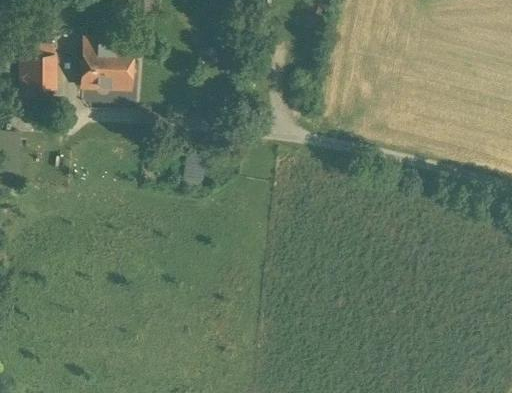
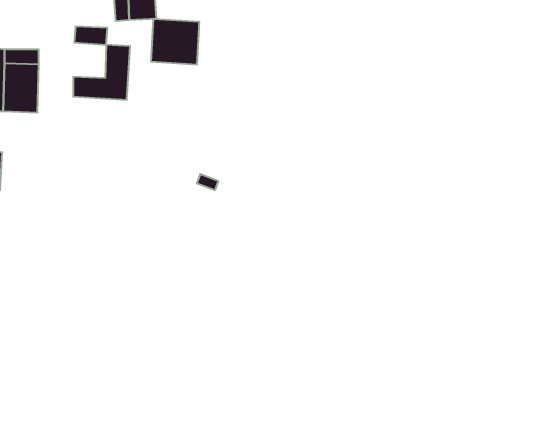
building: none -> [151,19,199,65]
building: [86,43,115,74] -> none

